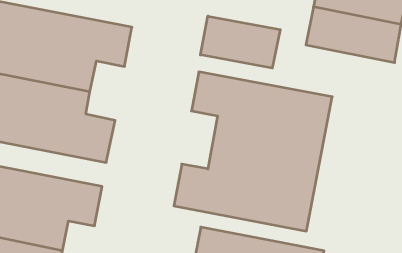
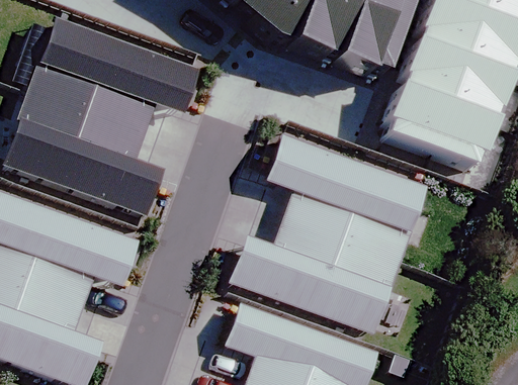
building: [200,16,280,68] -> none

